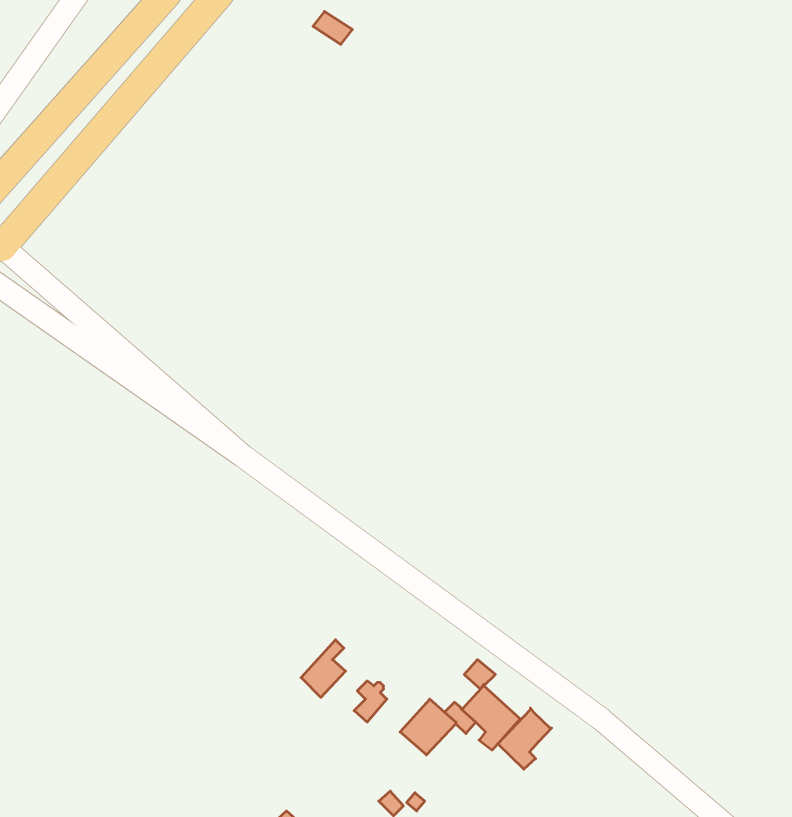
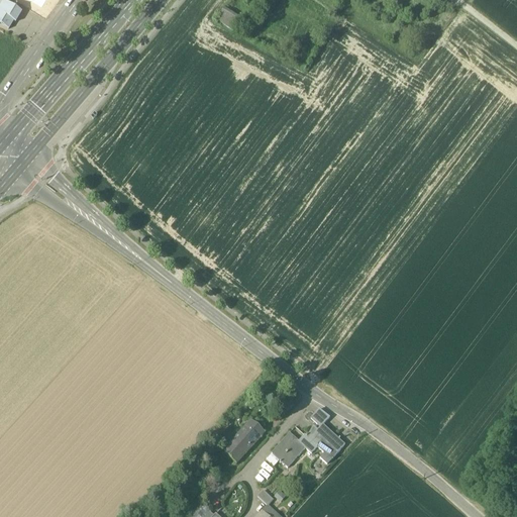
building: [301,640,346,697] -> [223,426,250,461]
building: [498,708,552,769] -> none

